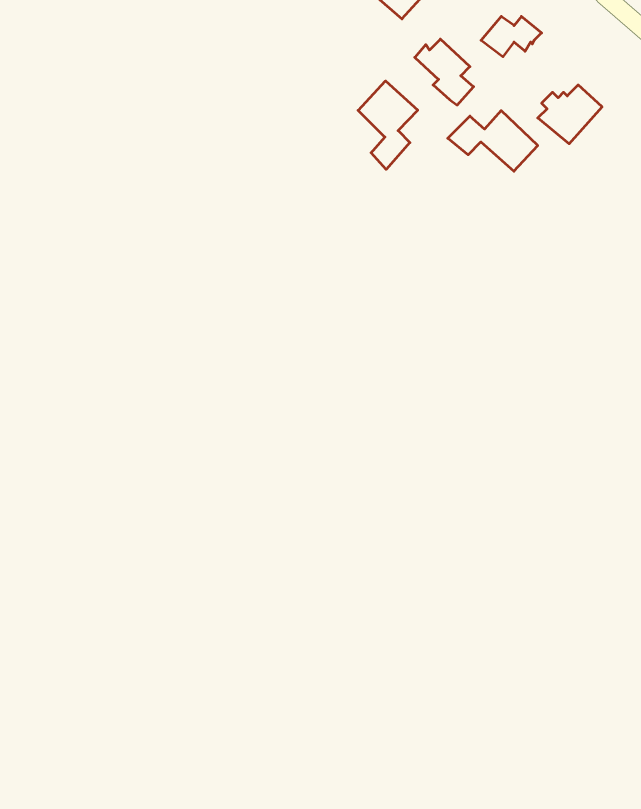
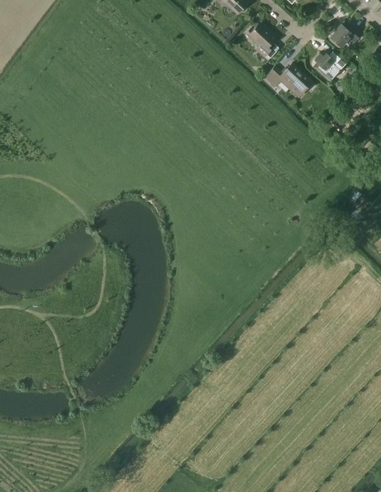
building: [481,16,542,57] -> [330,23,363,45]
building: [358,81,418,169] -> none

